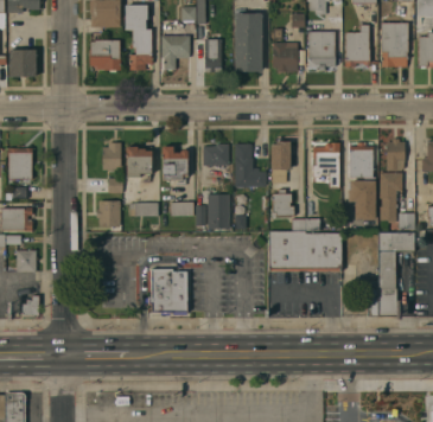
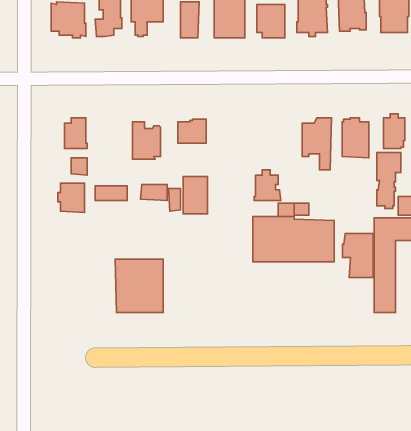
building: [235,143,266,186] -> none
building: [272,143,291,183] -> none
building: [127,146,152,177] -> none
building: [348,180,375,219] -> [343,234,373,277]

